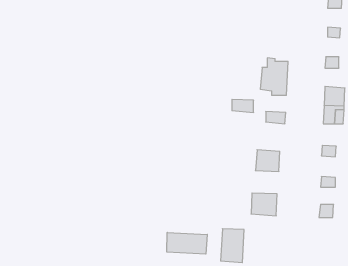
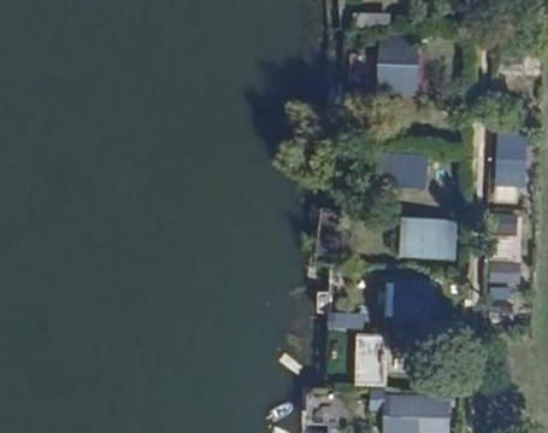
building: [260,58,288,95] -> [377,29,416,81]
building: [167,232,207,254] -> none

